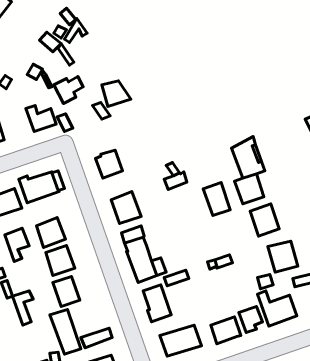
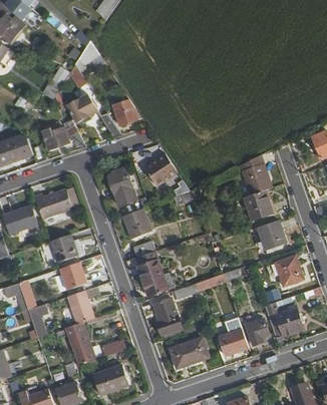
building: none -> [143,153,177,185]
building: [203,183,230,216] -> none
building: [5,228,29,261] -> none

